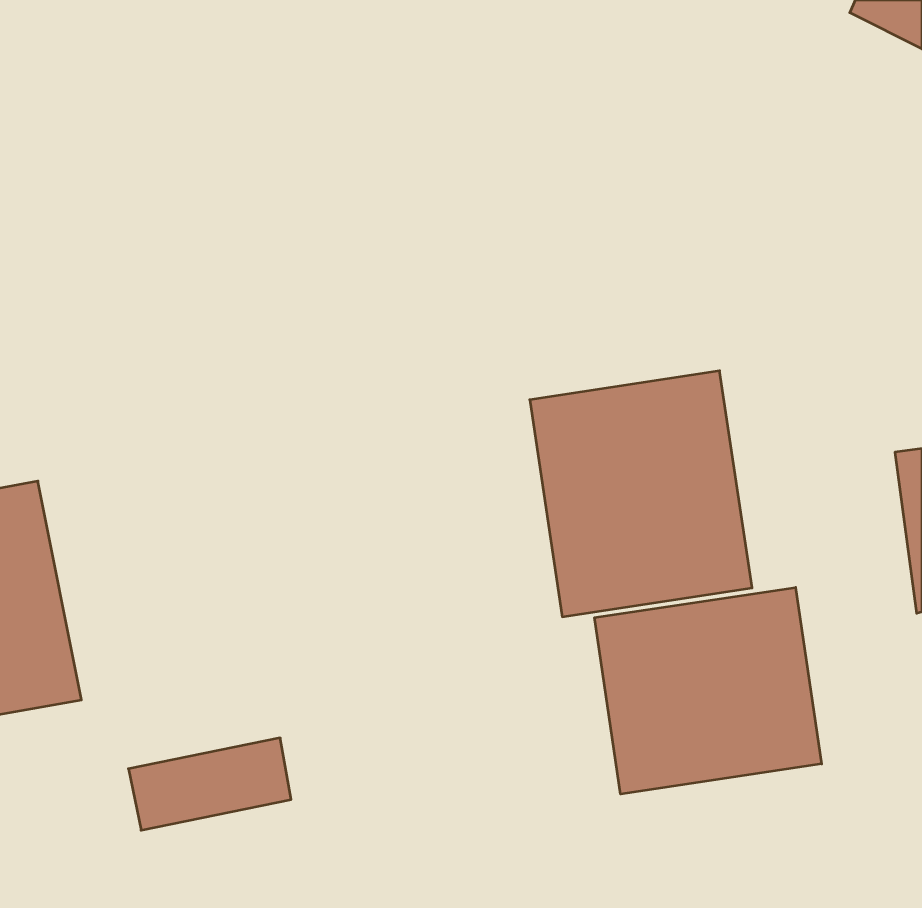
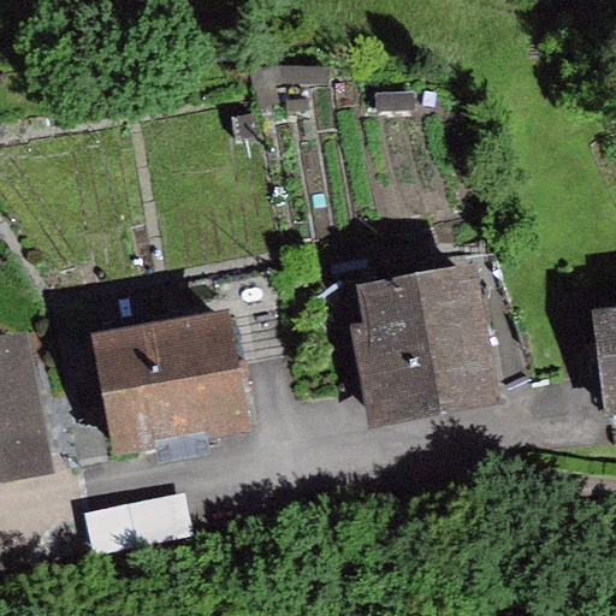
building: none -> [93,308,247,451]
building: [595,587,822,794] -> none

